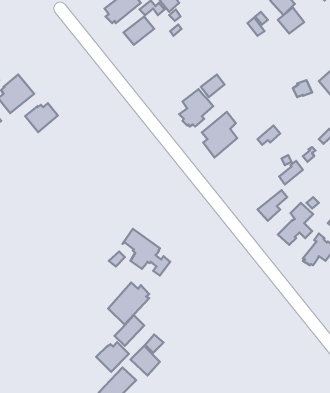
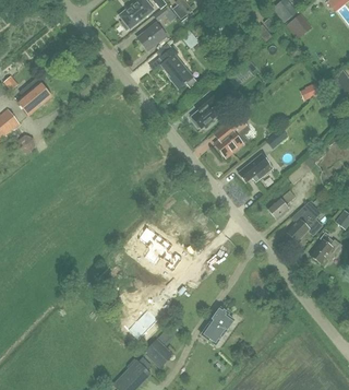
building: none -> [159,45,193,88]
building: [25,103,58,132] -> none
building: none -> [237,152,273,181]
building: [108,282,149,324] -> none
building: none -> [201,307,233,344]
building: [96,342,129,372] -> none

